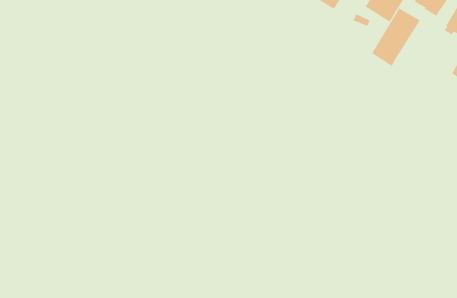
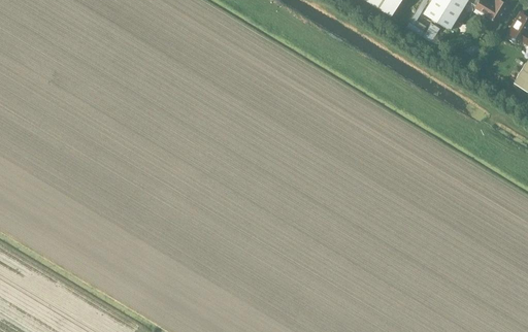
building: [371,8,420,67] -> none

